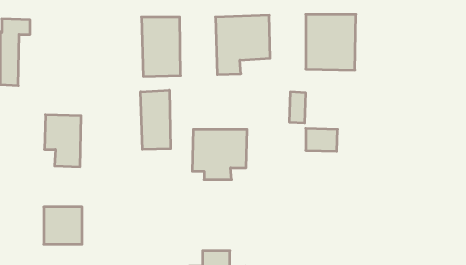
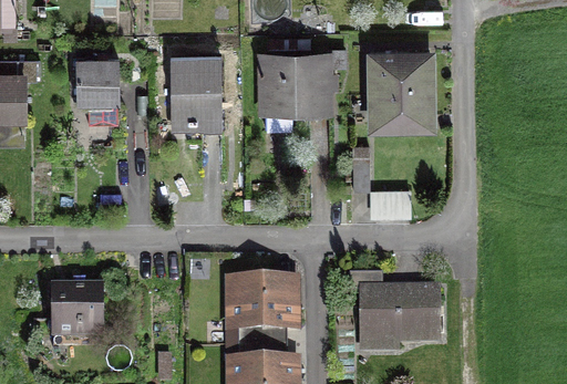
building: [141,90,171,149] -> none
building: [44,115,81,167] -> [74,59,118,122]
building: [192,129,247,180] -> [231,279,298,340]
building: none -> [351,271,436,338]

